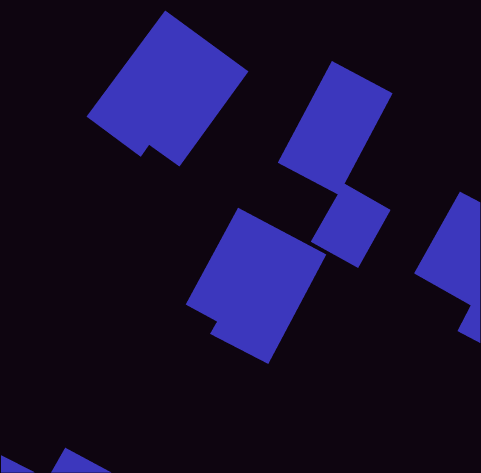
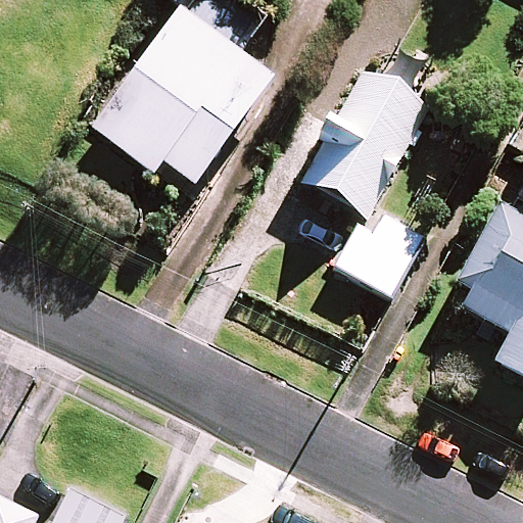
building: [185,207,327,365] -> none

